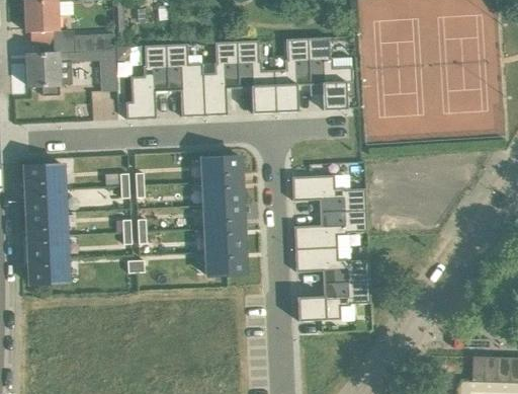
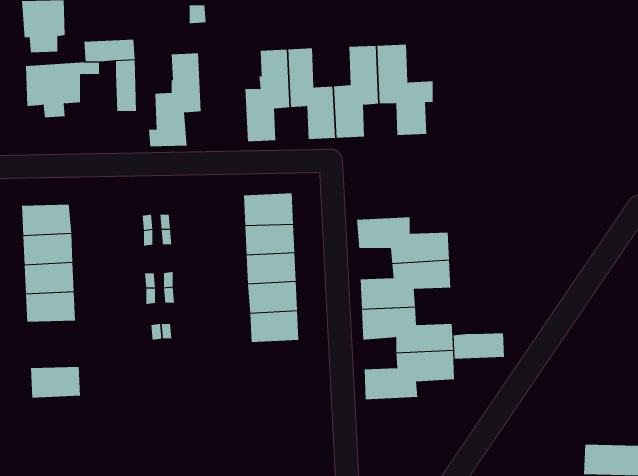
building: [166,43,204,115] -> none
building: [28,257,69,283] -> [30,367,81,398]
building: none -> [453,332,504,360]

